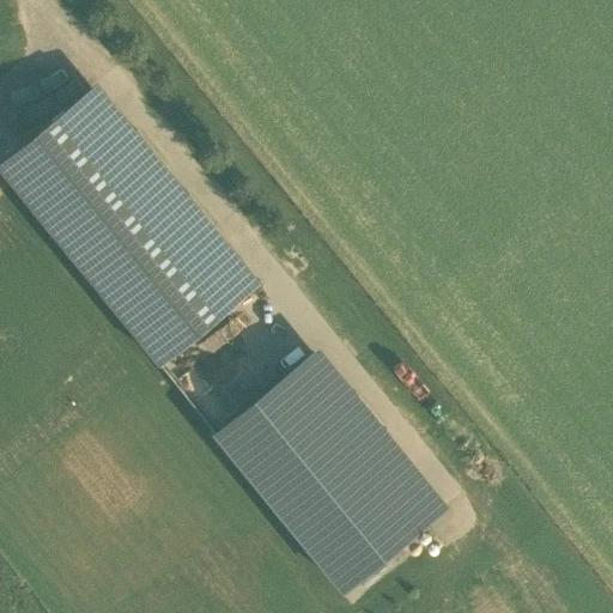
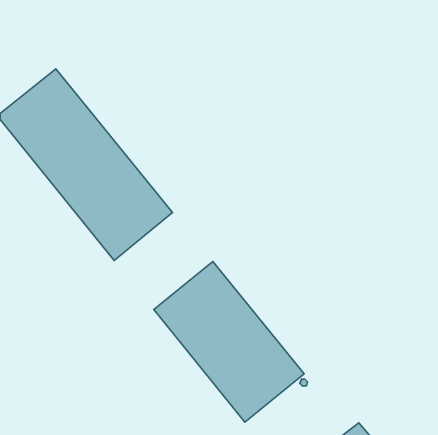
building: [79,86,261,302] -> none
building: [298,352,447,527] -> none

